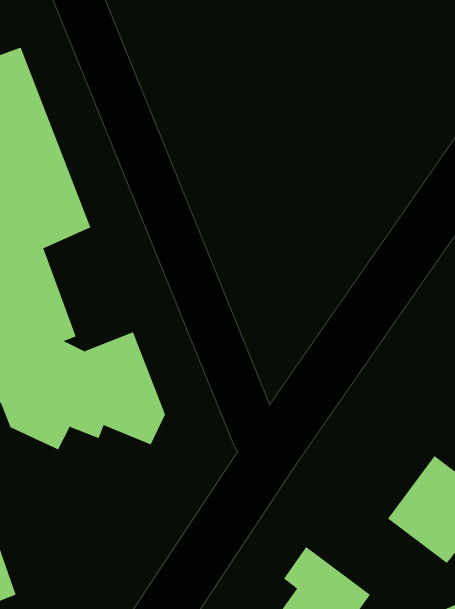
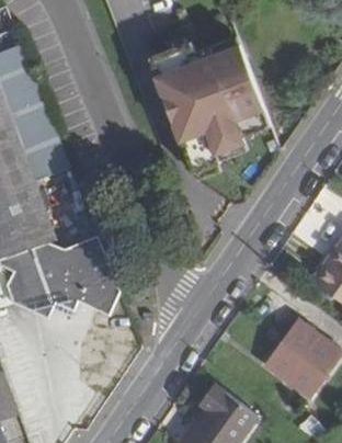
building: none -> [147,36,269,168]

